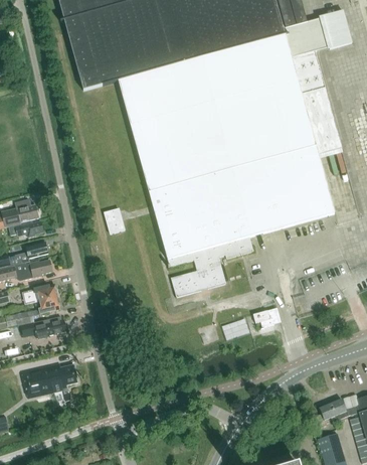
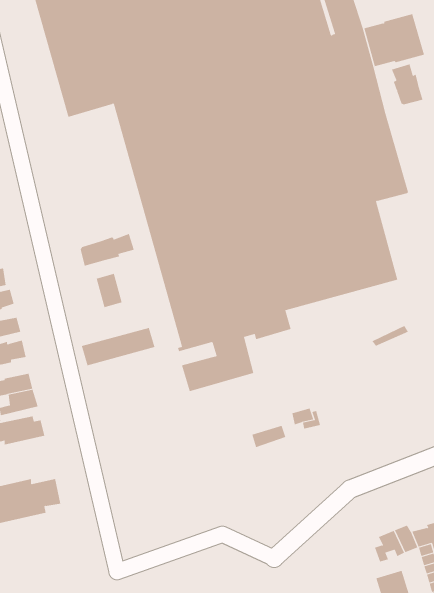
building: none -> [391,63,423,105]
building: none -> [80,233,135,267]
building: none -> [81,327,155,366]

